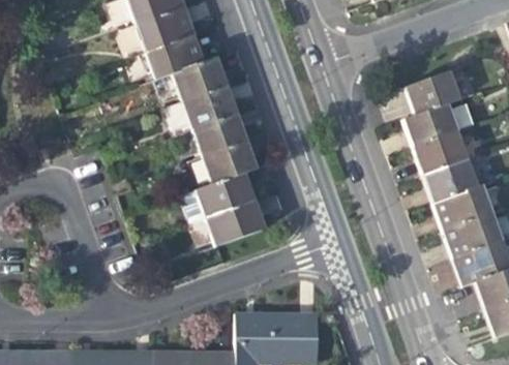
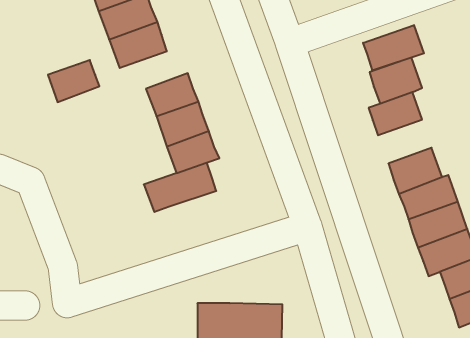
building: none -> [363,25,424,70]
building: [176,59,227,100] -> [48,60,99,102]
building: [414,130,467,174] -> none
building: [208,201,265,245] -> none

